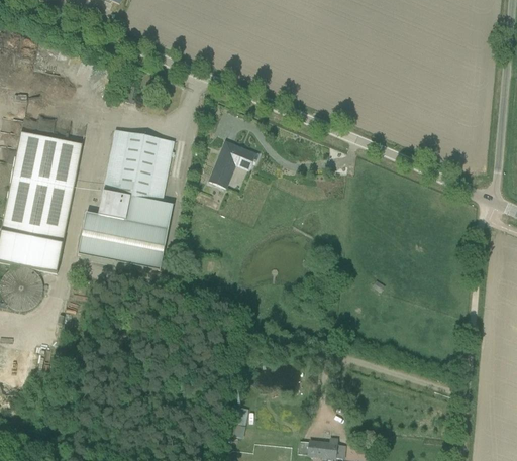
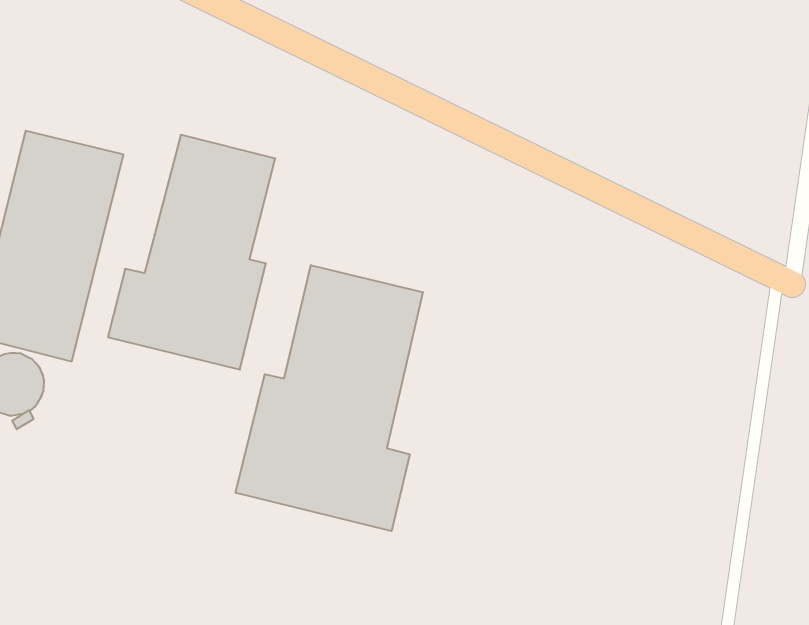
building: [207,138,256,187] -> none
building: none -> [236,265,423,531]

